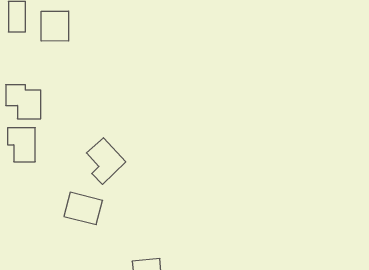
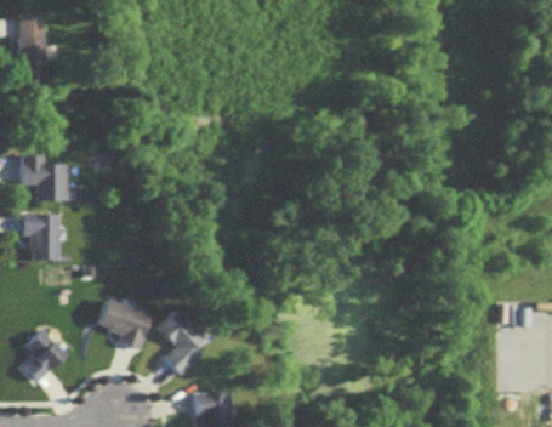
building: [41,11,69,41] -> none
building: [86,138,126,184] -> [157,308,210,371]
building: none -> [22,329,67,382]

